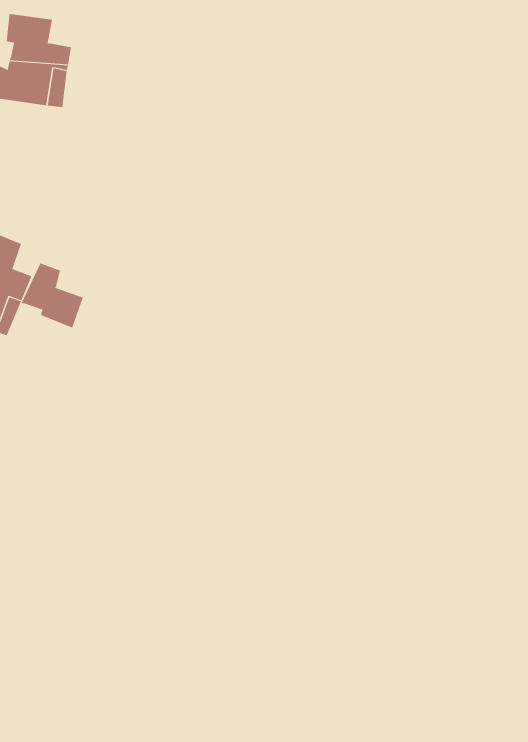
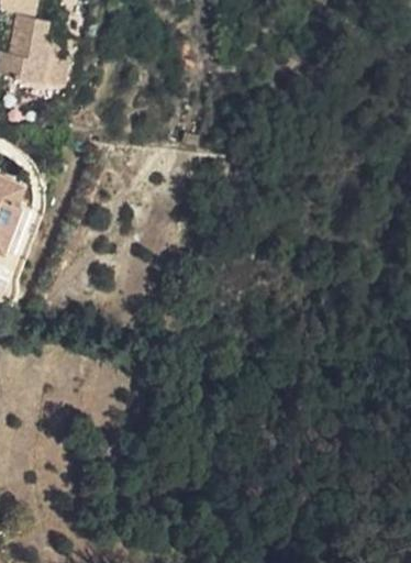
building: [21,263,84,329] -> none

